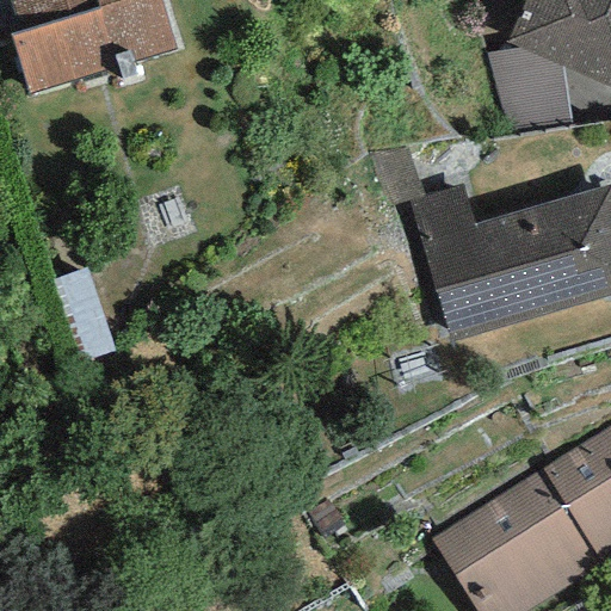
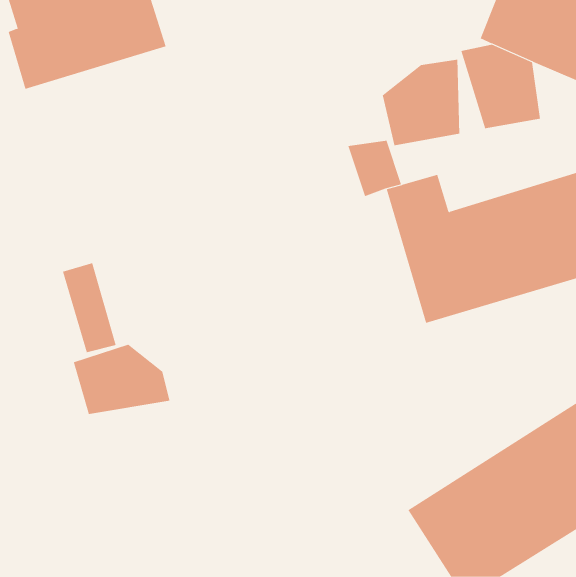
building: none -> [382,59,460,146]
building: none -> [73,344,170,415]

